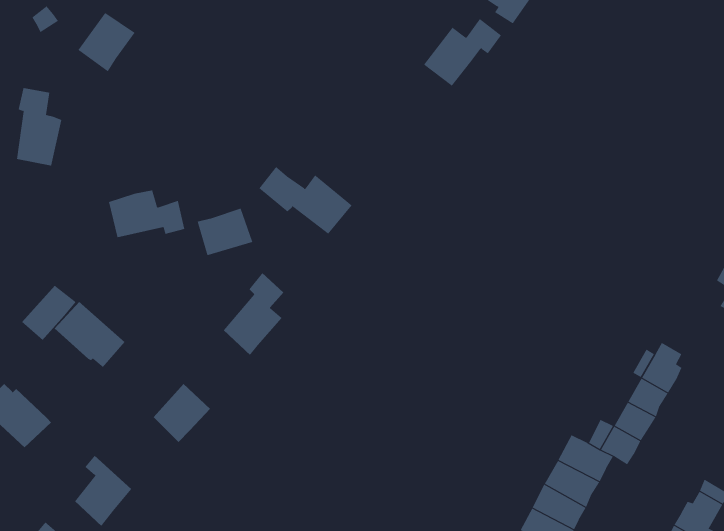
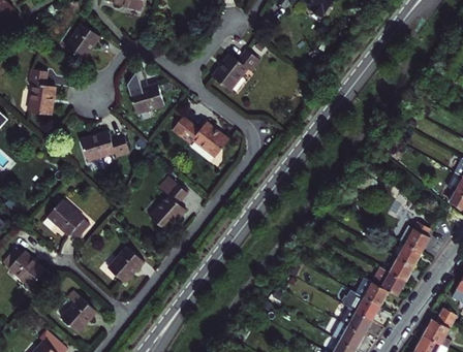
building: [423,18,502,87] -> [213,50,260,91]
building: [197,208,253,256] -> [128,85,162,114]
building: [21,285,76,341] -> none

